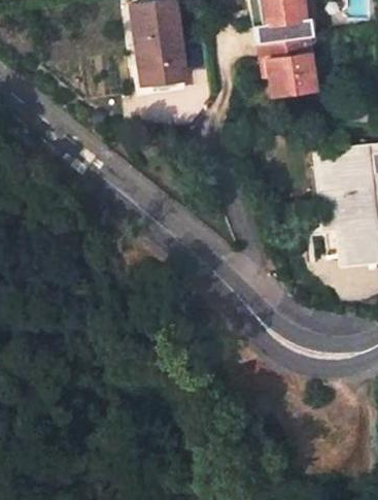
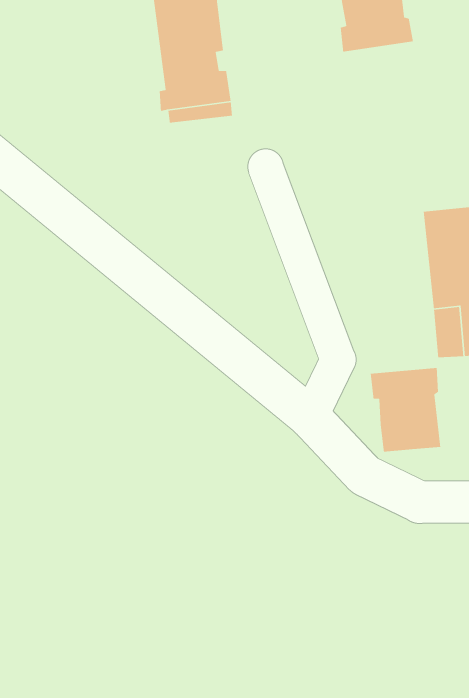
building: [264,35,317,96] -> none
building: none -> [370,367,441,452]

